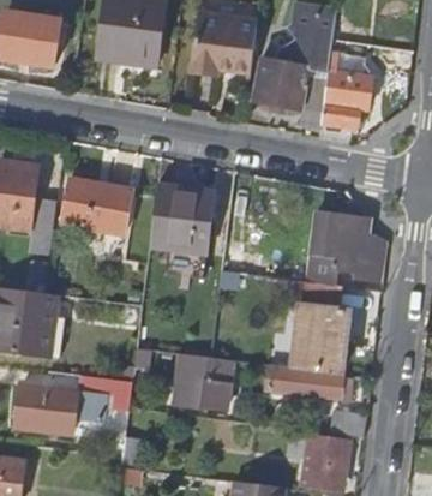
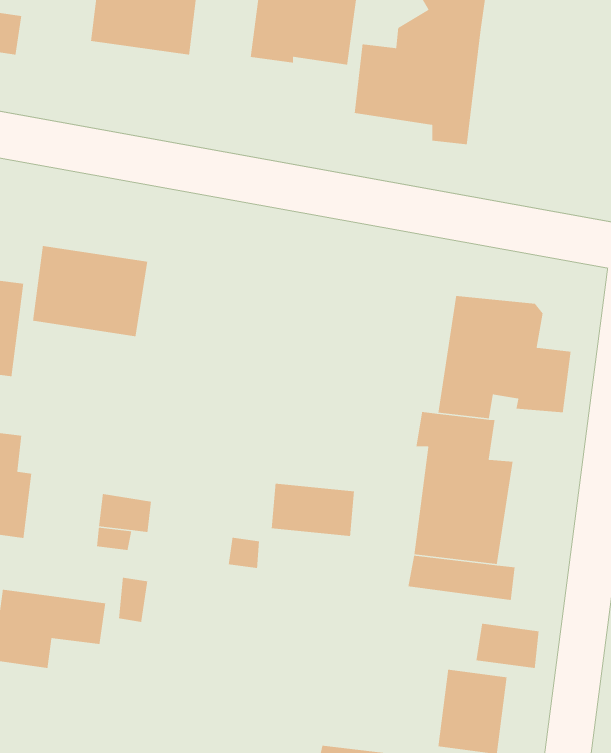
building: [320,50,373,141] -> none
building: [149,185,211,252] -> none
building: [179,376,229,408] -> [271,483,355,537]

